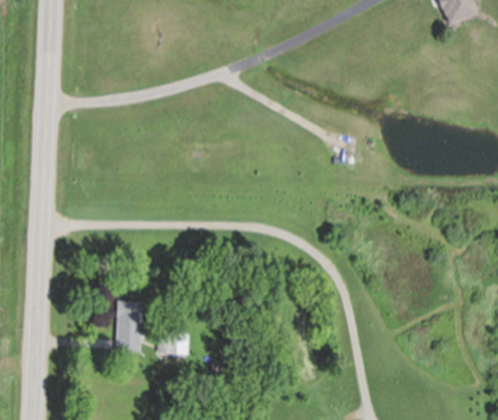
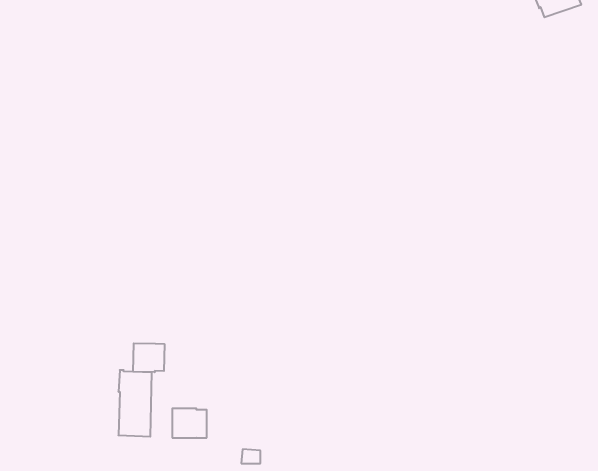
building: none -> [133,343,164,372]

